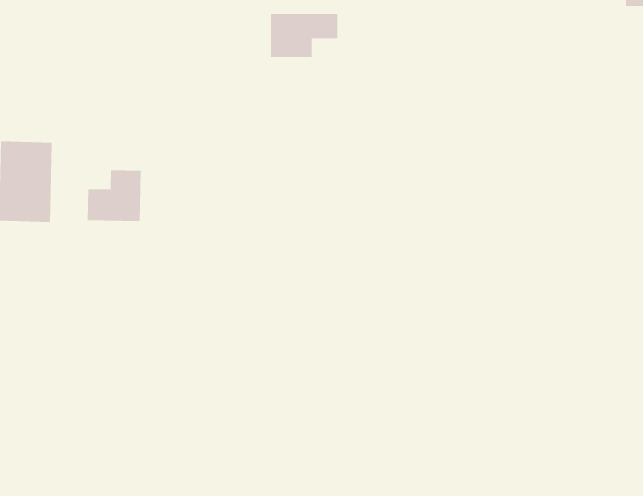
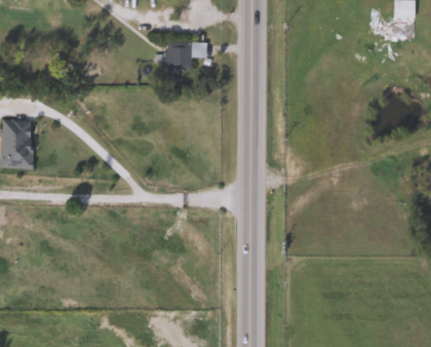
building: [87,169,141,222] -> none

